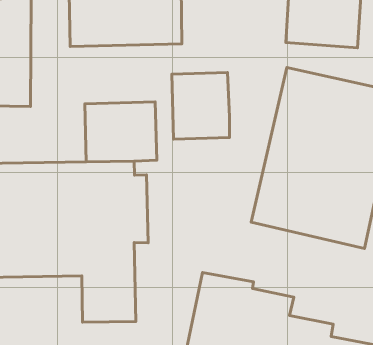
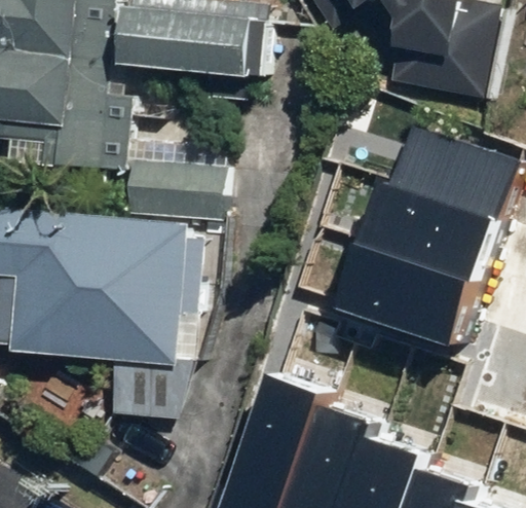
building: [172,73,230,139] -> none

